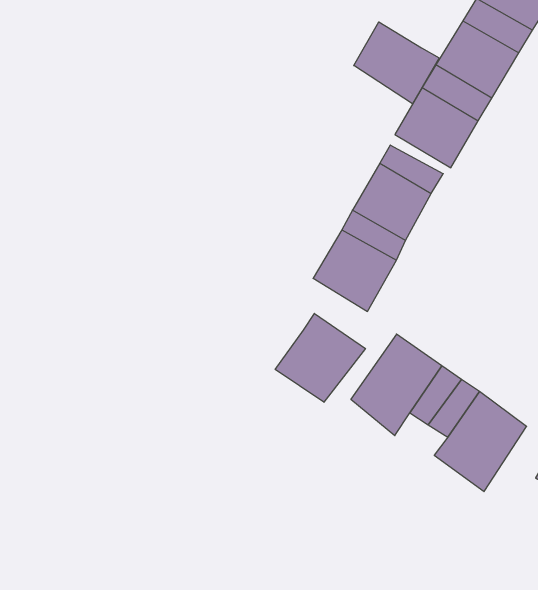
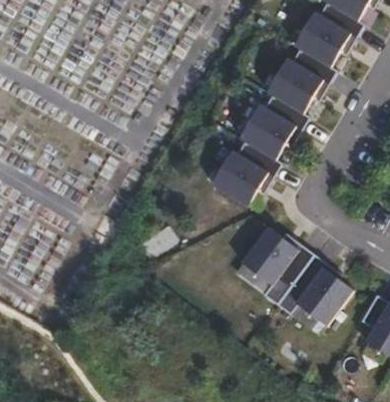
building: [354,22,439,104] -> none
building: [275,313,365,402] -> none

